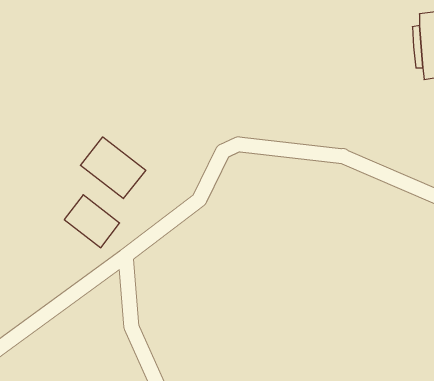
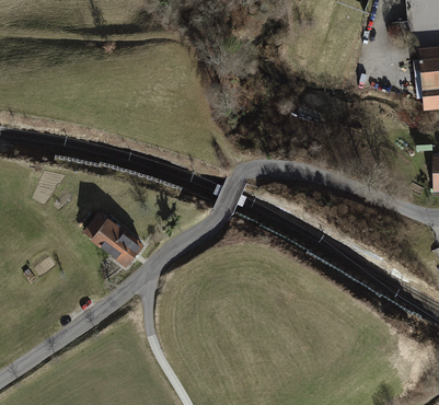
building: [80,137,146,199] -> none

